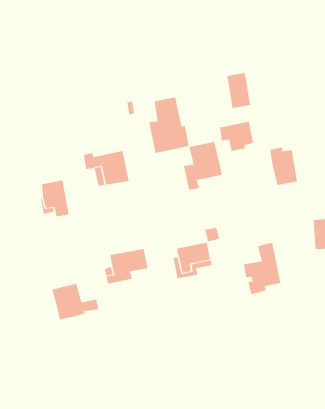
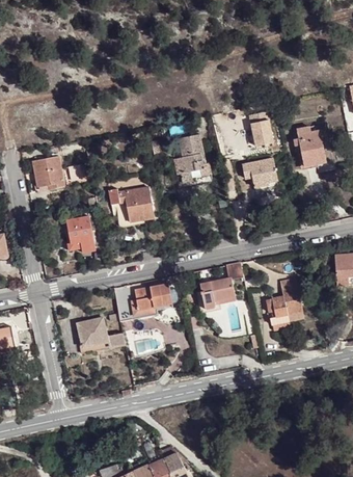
building: none -> [32,155,63,188]
building: [184,141,223,190] -> none
building: [269,147,298,186] -> [297,127,325,165]

